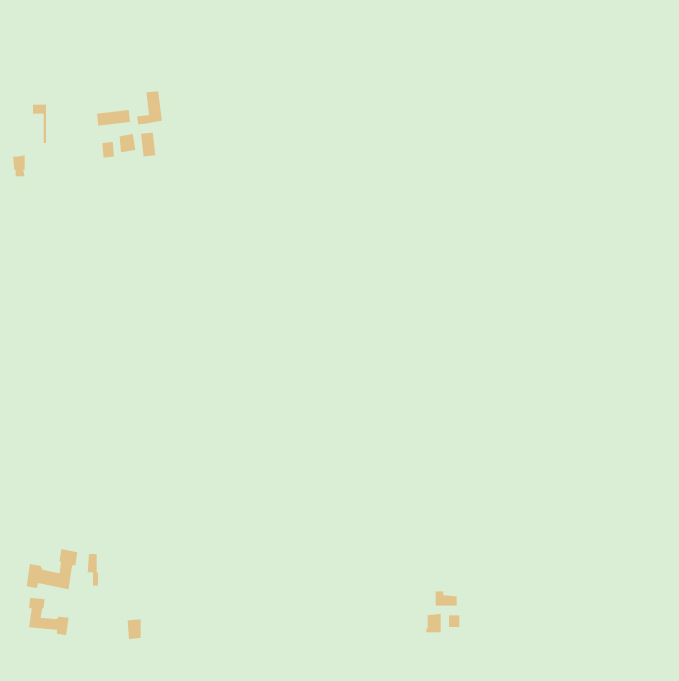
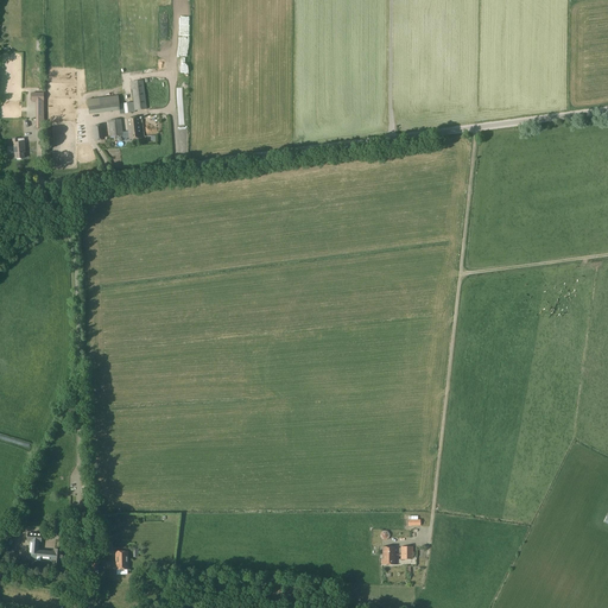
building: [26,548,78,590] -> none

